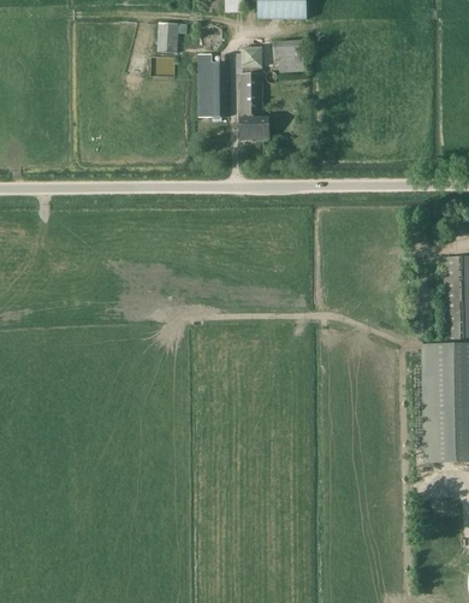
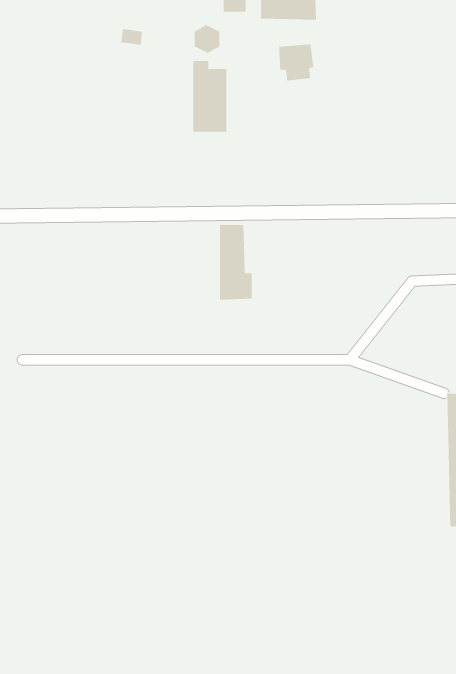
building: [158,23,188,53] -> none
building: [237,47,263,67] -> none
building: [241,73,269,140] -> [219,224,252,300]

